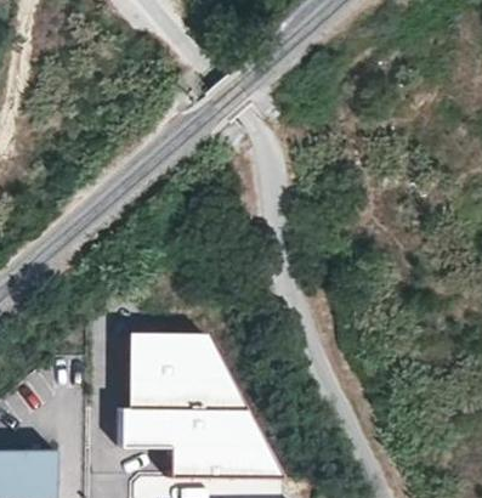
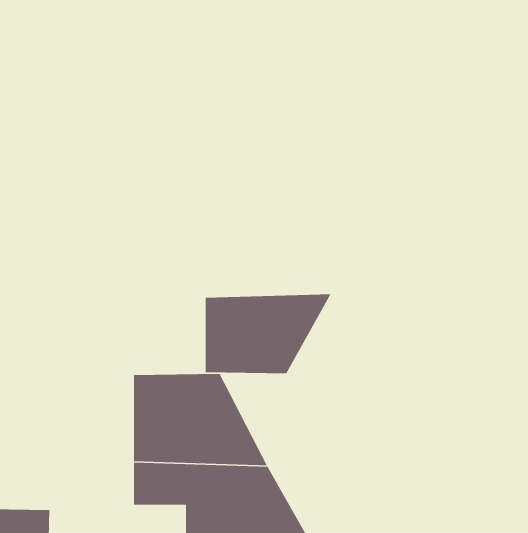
building: none -> [205,294,332,374]

